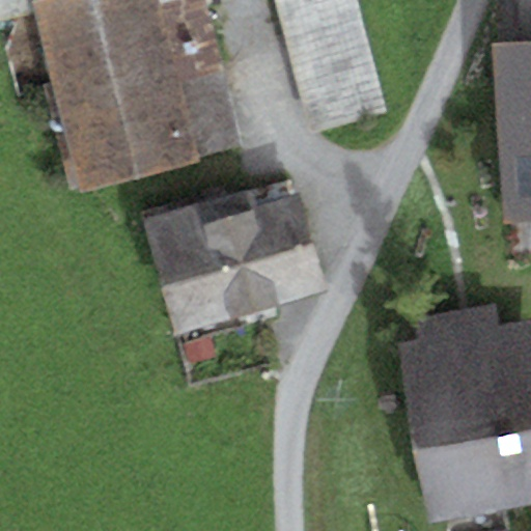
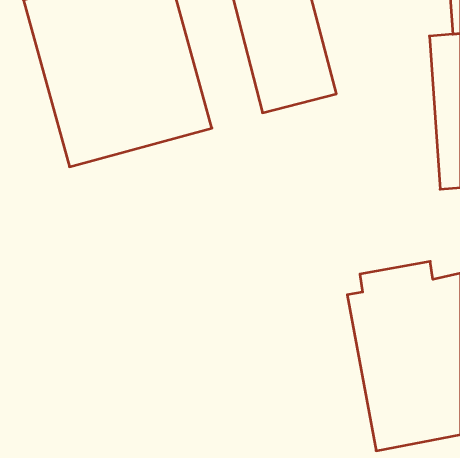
building: [142,173,327,336] -> none

